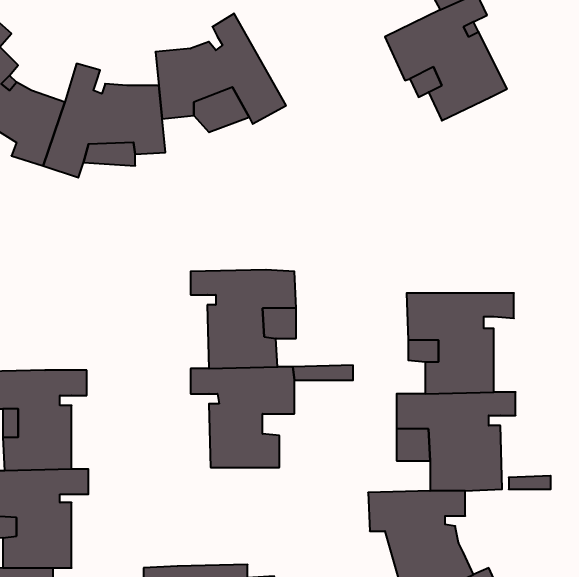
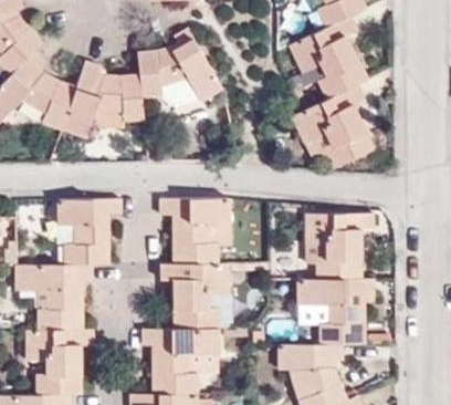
building: none -> [291,84,375,169]
building: none -> [59,199,120,264]
building: none -> [141,329,220,394]

